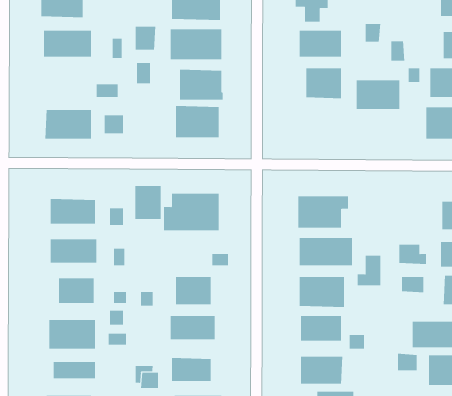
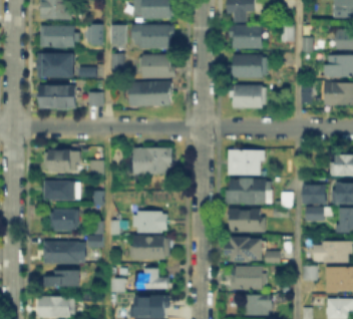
building: none -> [40,52,72,76]
building: [356,80,400,109] -> [231,86,264,108]
building: [135,185,161,220] -> none

